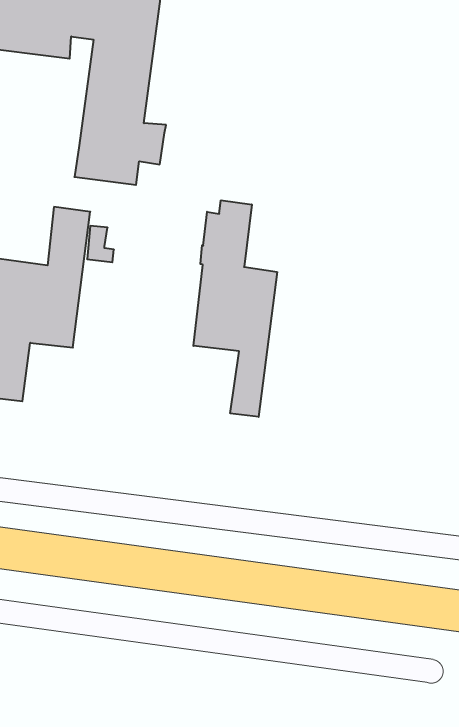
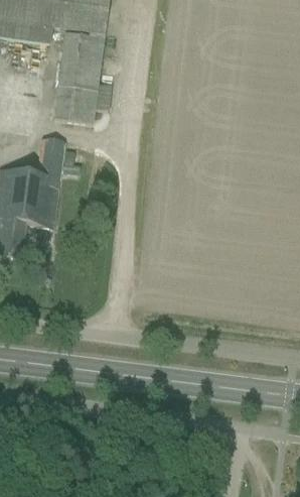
building: [193,200,277,417] -> none

